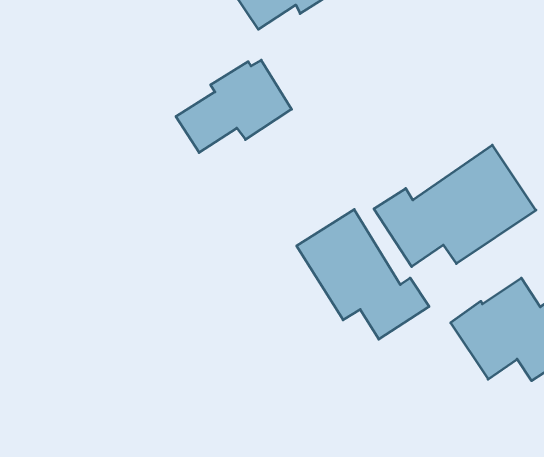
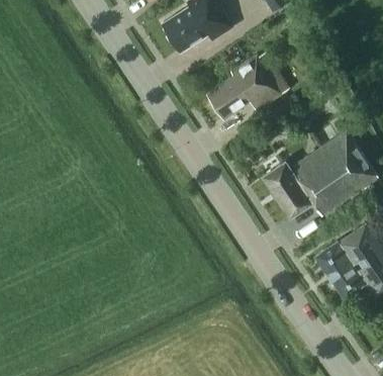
building: [176,60,292,153] -> [207,53,288,117]
building: [297,209,429,339] -> none

